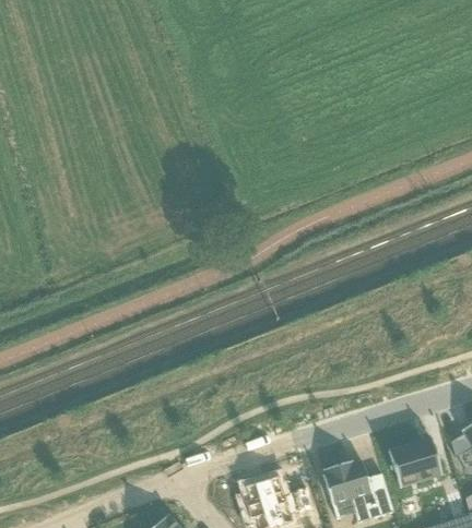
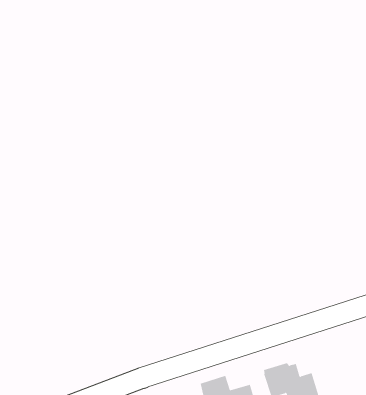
building: [386,439,439,489] -> none

